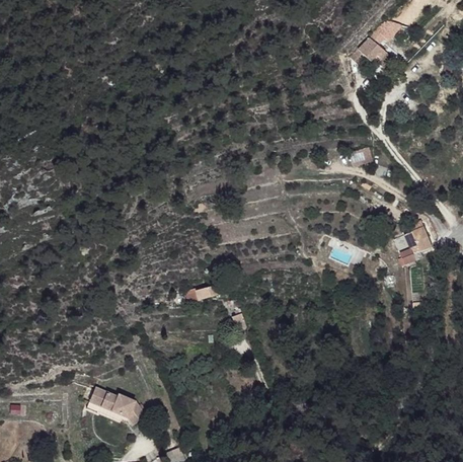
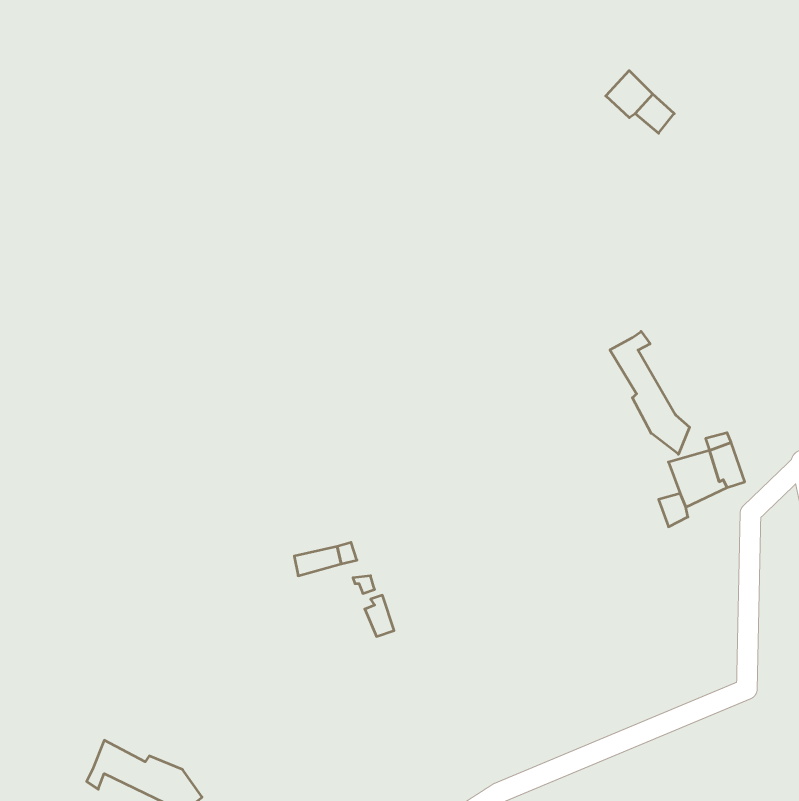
building: none -> [610,331,690,454]

